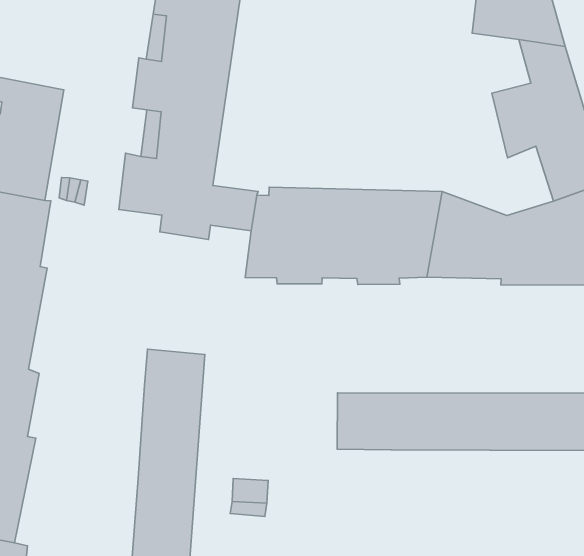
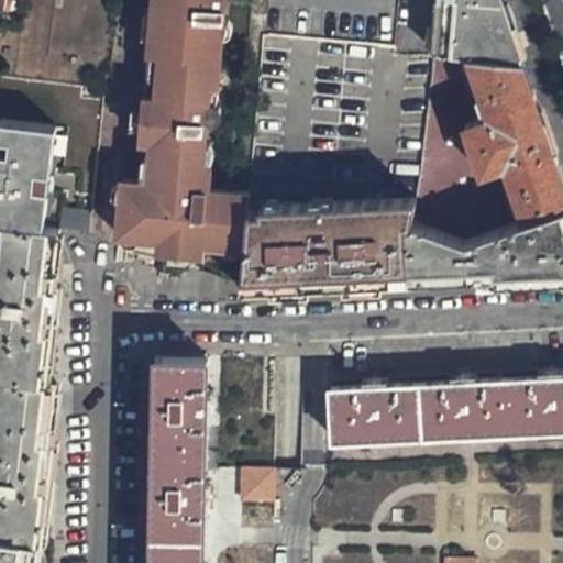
building: none -> [413,56,516,221]

